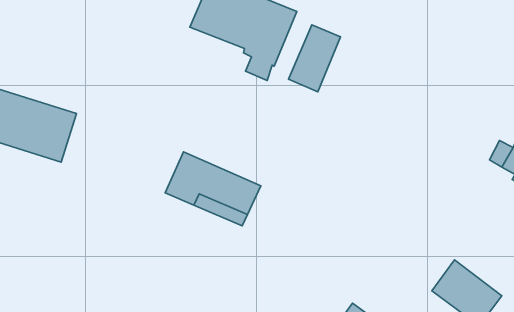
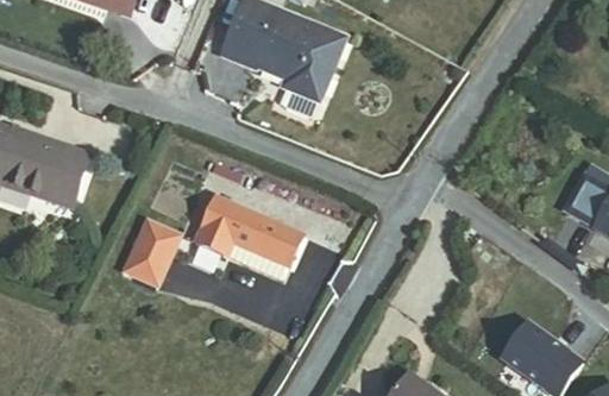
building: [289,25,340,92] -> none
building: none -> [125,225,178,289]

